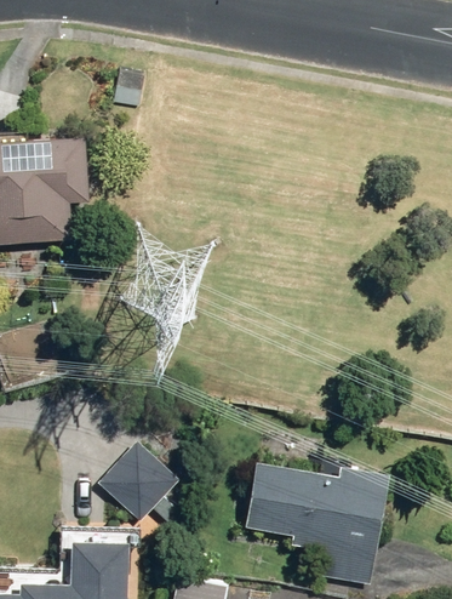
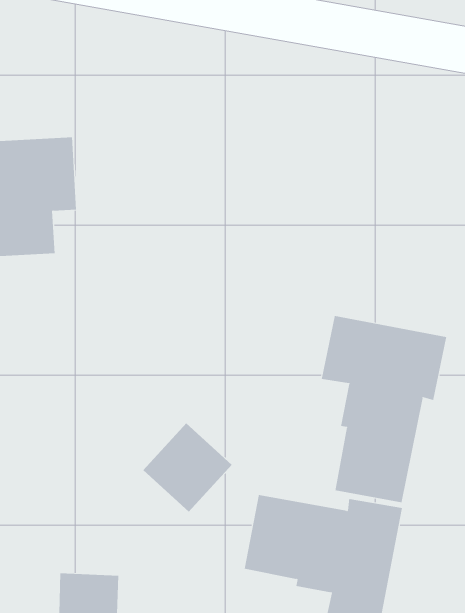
building: none -> [321,315,447,503]
building: [95,443,177,525] -> [142,422,233,513]

